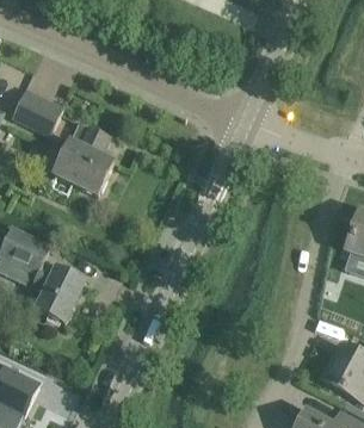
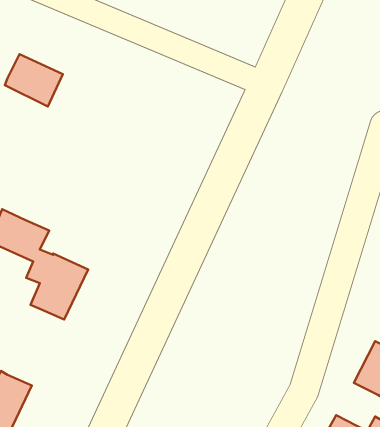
building: [53,122,113,196] -> none

